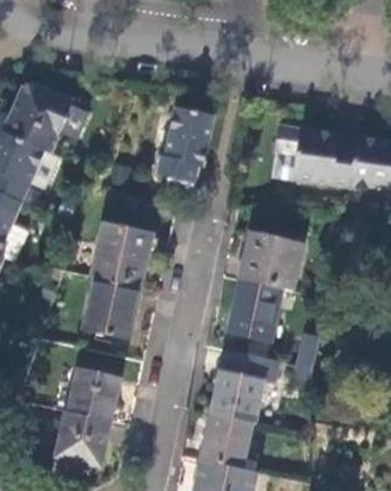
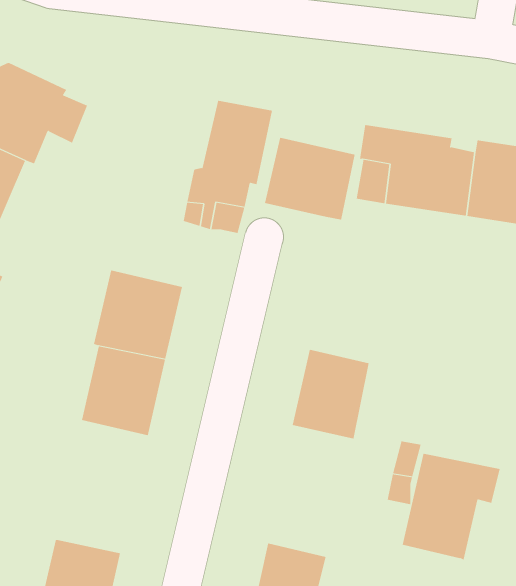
building: [240,234,303,291] -> [264,137,356,220]
building: [211,349,279,423] -> [402,453,500,560]
building: [66,367,119,419] -> none

